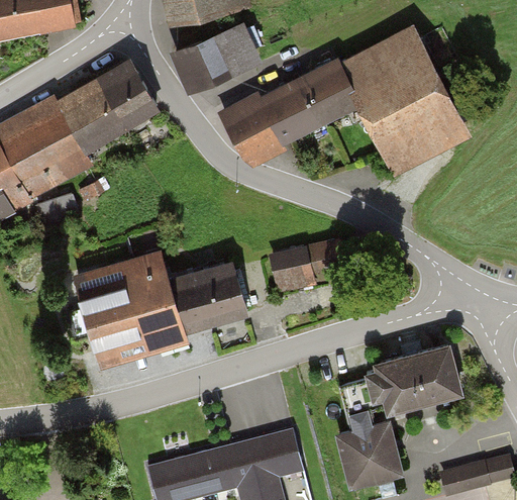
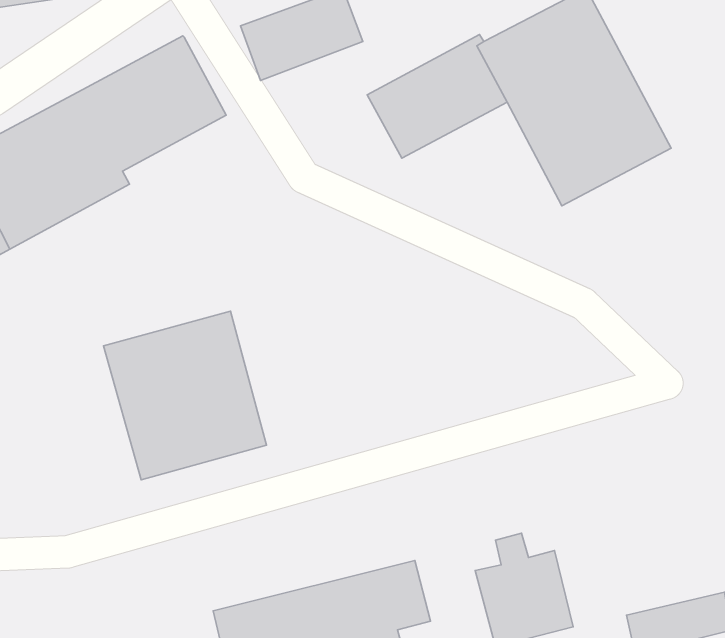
building: [216,94,283,167] -> none
building: [270,244,339,291] -> none
building: [170,262,248,335] -> none
building: [364,343,463,415] -> none

